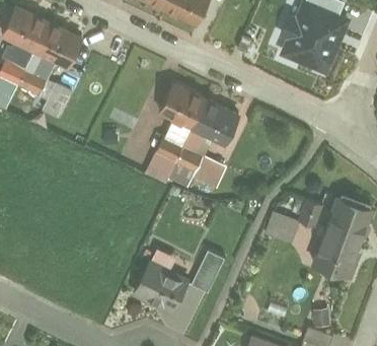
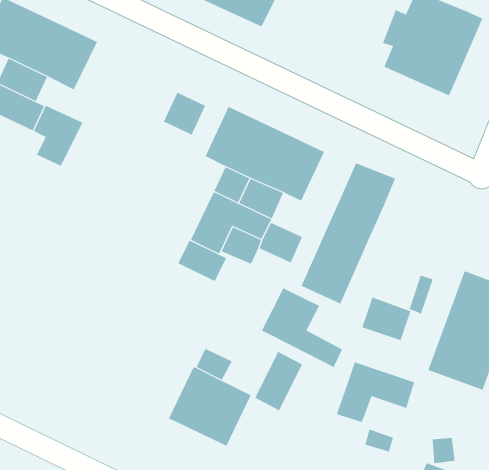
building: none -> [163,92,206,135]
building: none -> [301,163,396,305]
building: none -> [178,240,227,282]
building: none -> [261,287,343,368]
building: none -> [336,362,415,423]

